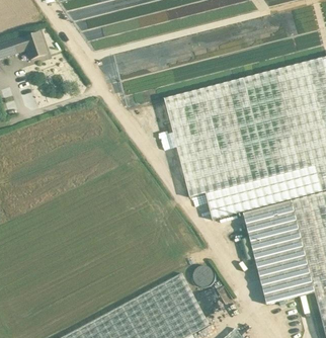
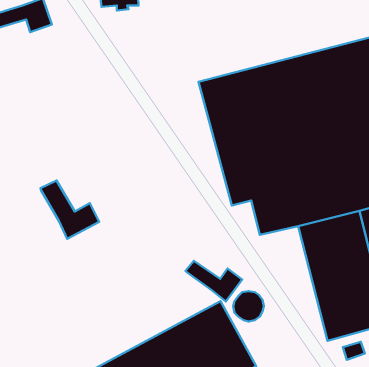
building: none -> [40,180,99,239]
building: none -> [185,261,242,301]

